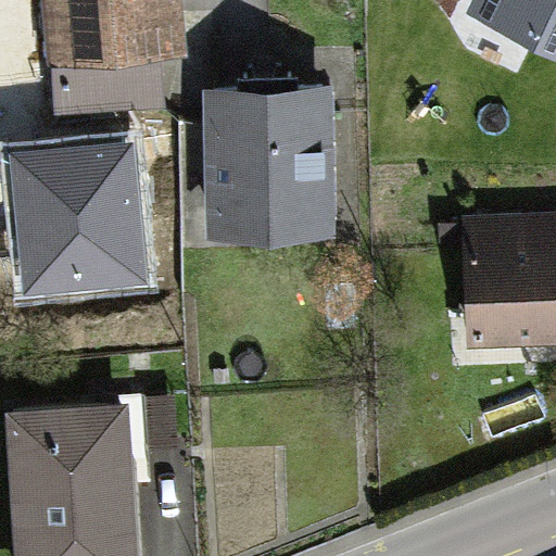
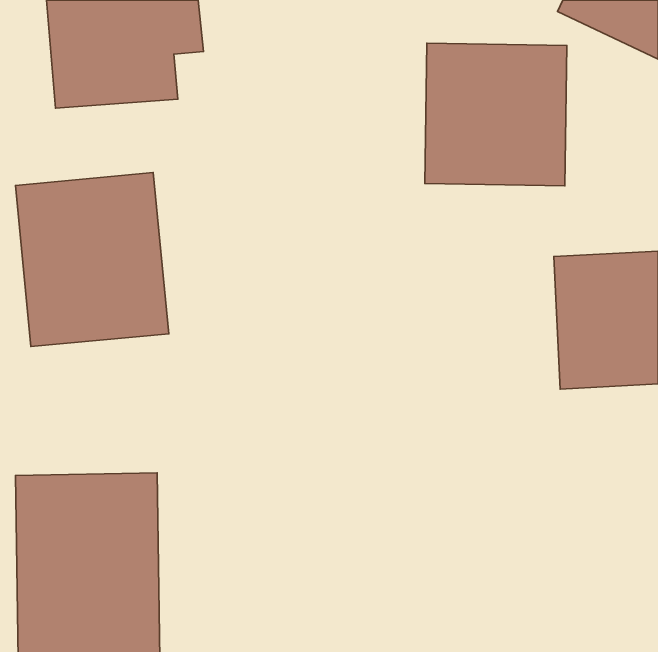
building: none -> [425,43,567,186]
building: [205,92,332,229] -> none

